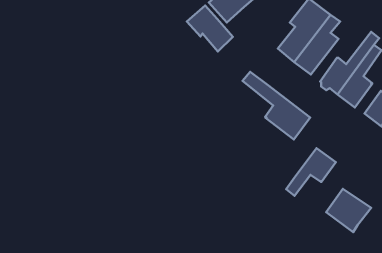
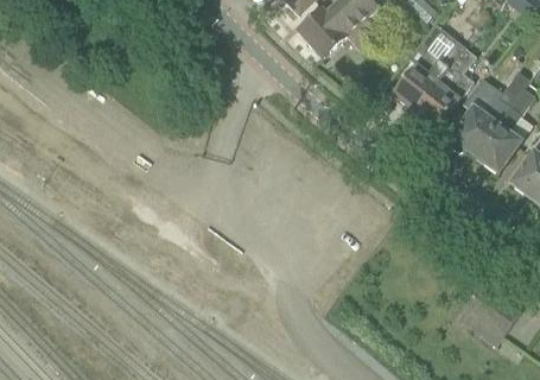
building: [187,5,233,52] -> none
building: [243,72,310,140] -> none
building: [286,148,336,196] -> none

